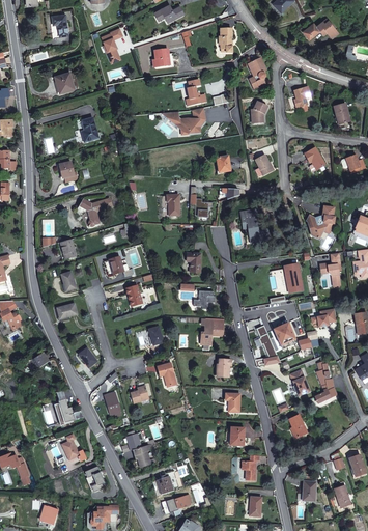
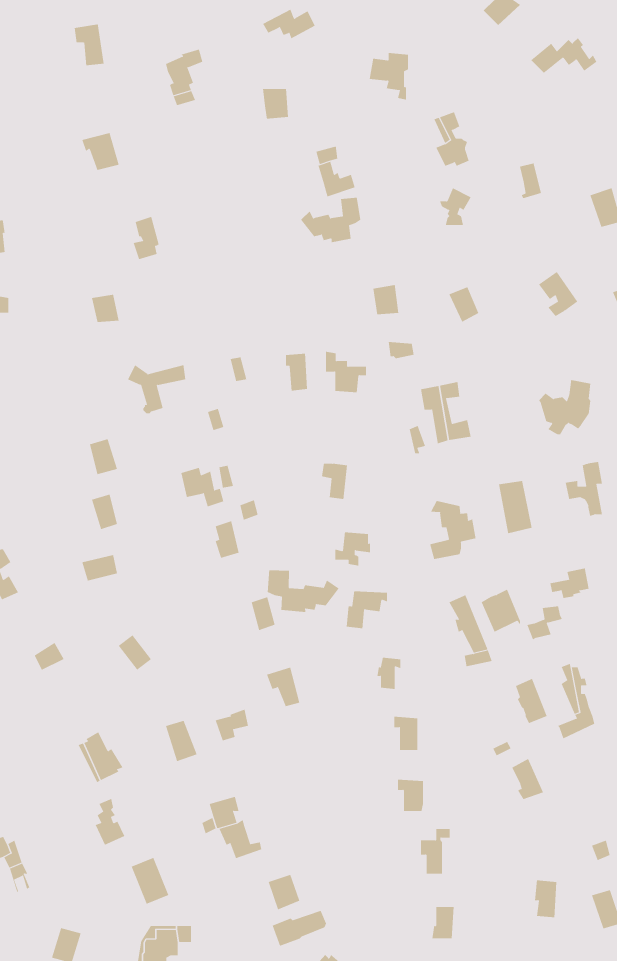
building: none -> [429,500,476,560]
building: none -> [267,570,339,613]

